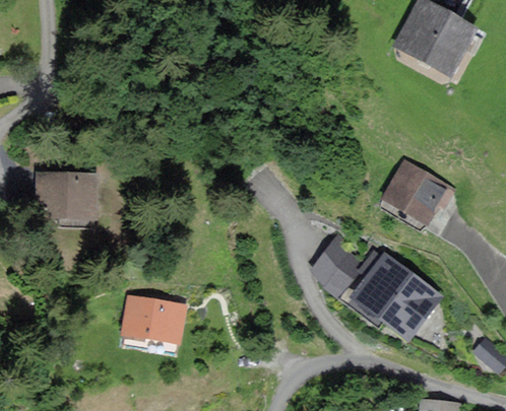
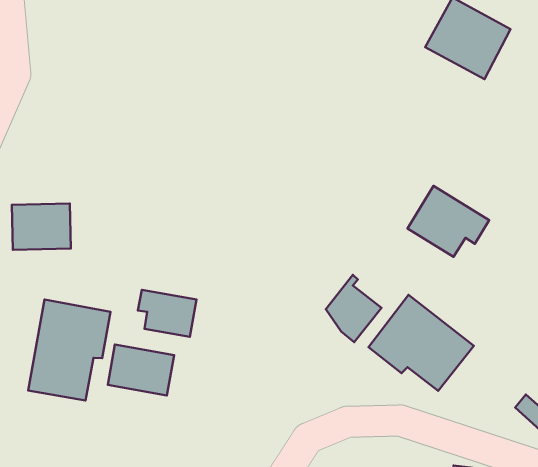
building: none -> [138,290,197,337]
building: none -> [28,300,110,401]

